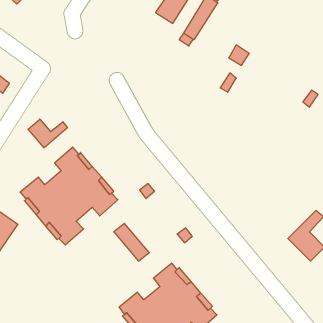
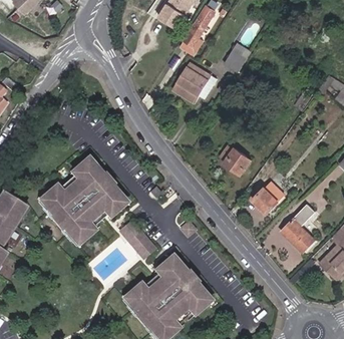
building: none -> [173,61,217,101]
building: [28,119,67,148] -> none
building: none -> [219,144,251,174]
building: none -> [251,180,284,214]

